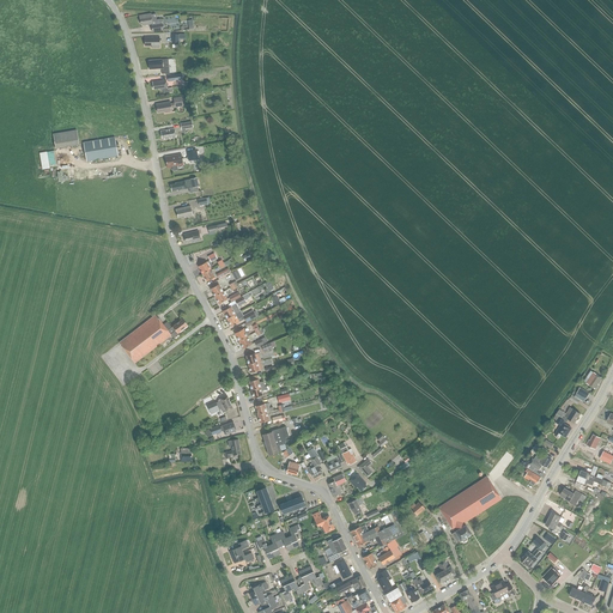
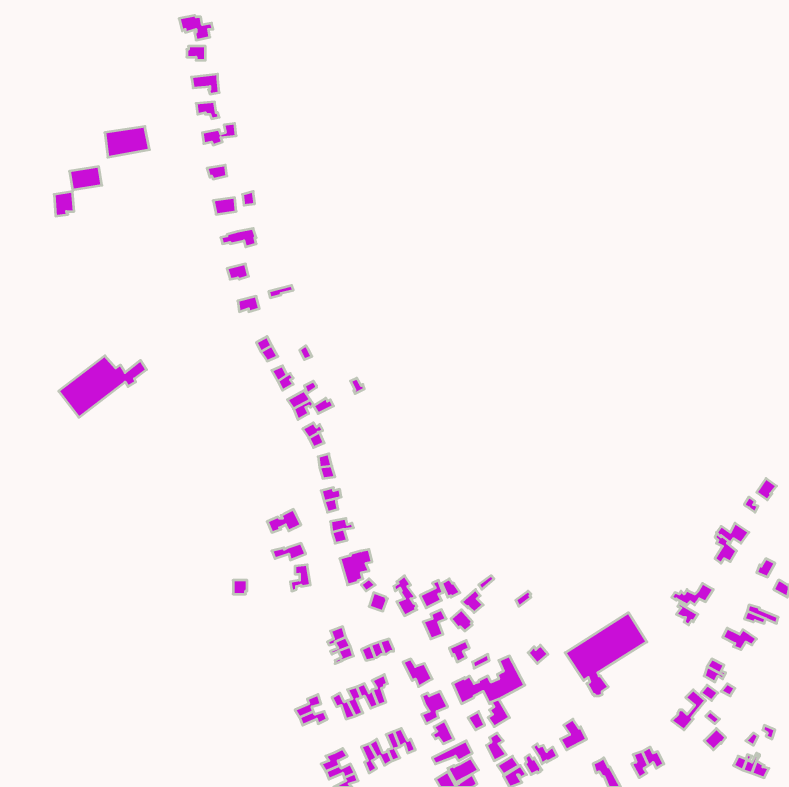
building: [84,136,119,160] -> [105,126,150,157]
building: [120,314,188,362] -> [59,356,147,417]

